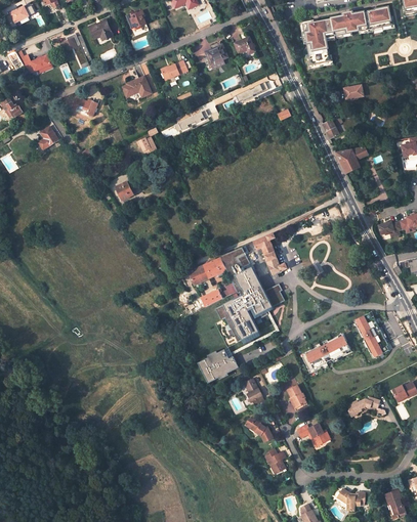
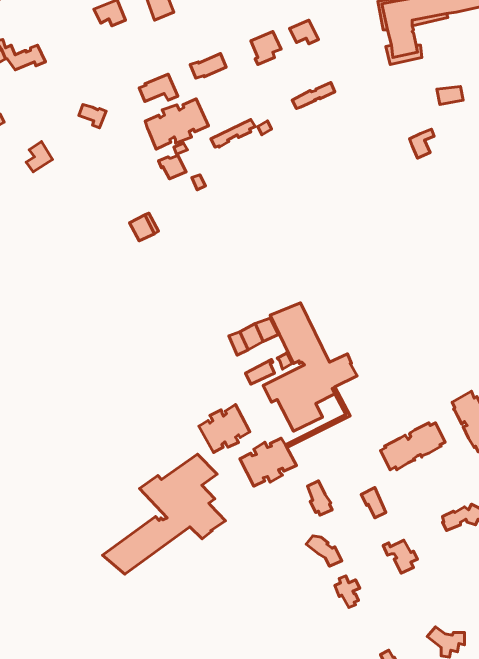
building: [59,34,91,64] -> none
building: none -> [145,99,208,149]
building: [336,146,368,177] -> none
building: [253,232,287,275] -> none
building: none -> [199,404,250,453]
building: none -> [103,454,225,574]

